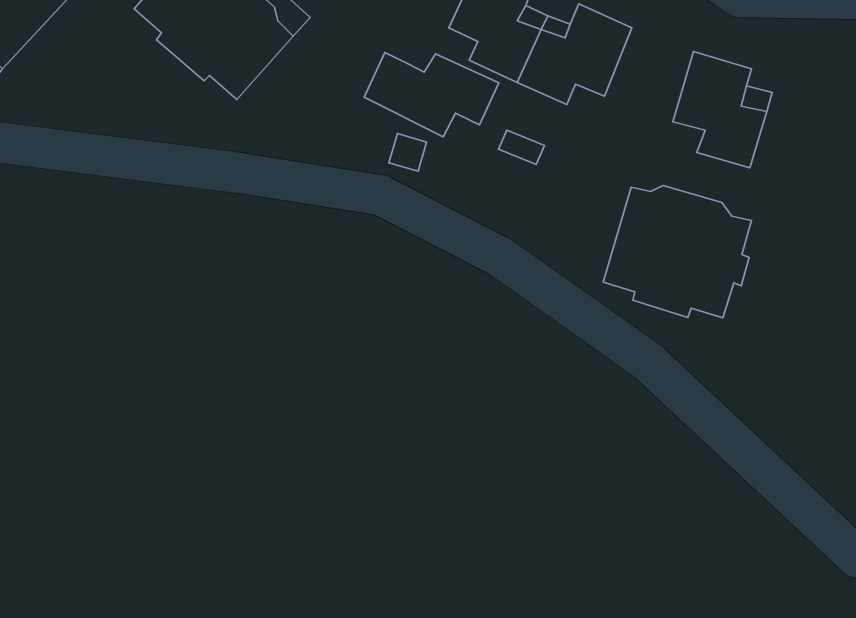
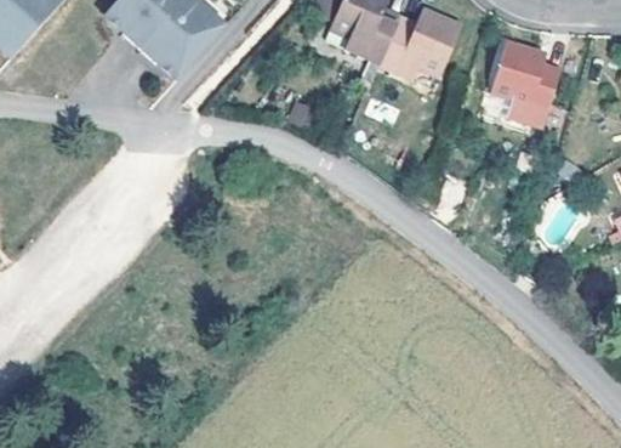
building: [364,52,499,137] -> none
building: [603,186,751,318] -> none

